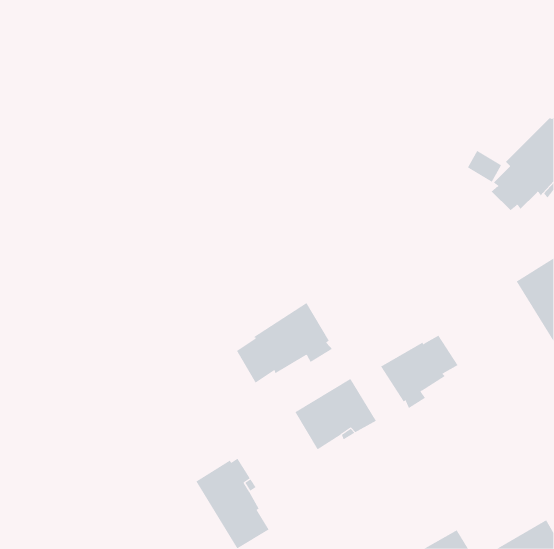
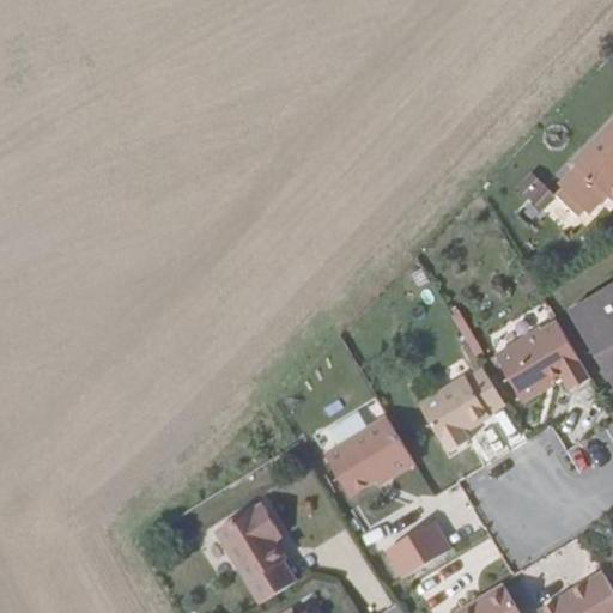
building: none -> [497,321,582,401]
building: [236,302,333,383] -> none
building: none -> [388,521,451,577]

